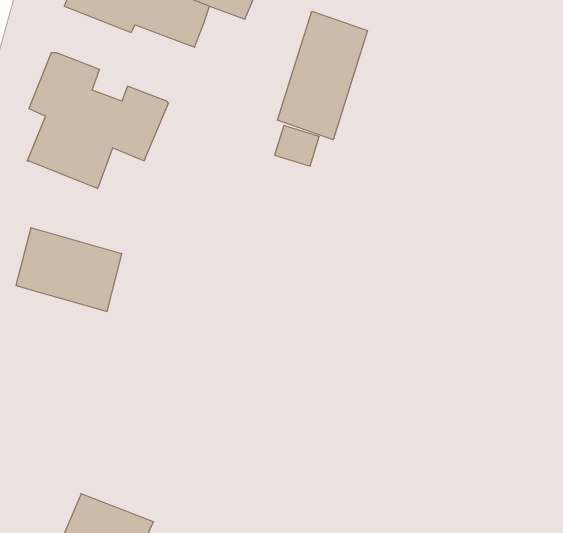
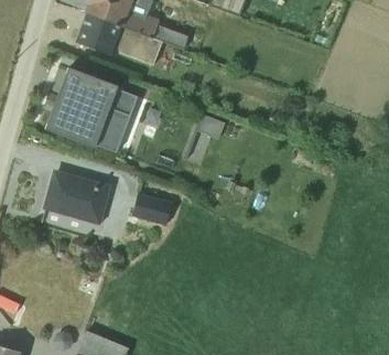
building: [278,11,368,140] -> none
building: none -> [131,192,171,224]

